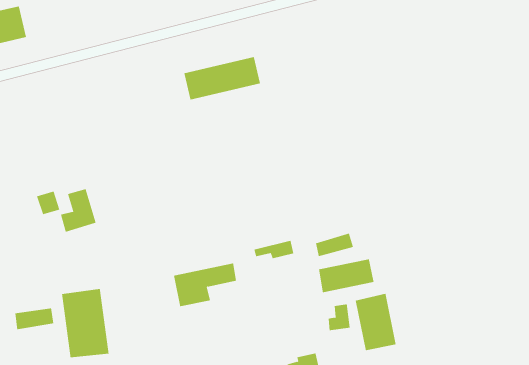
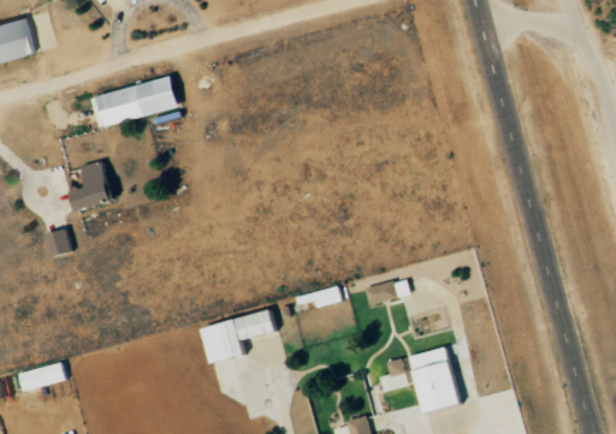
building: [183,56,261,100] -> [89,77,178,127]
building: [60,189,97,232] -> [71,161,113,212]
building: [318,258,374,293] -> none
building: [62,288,109,358] -> none

